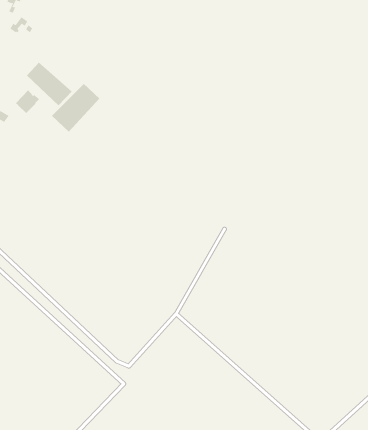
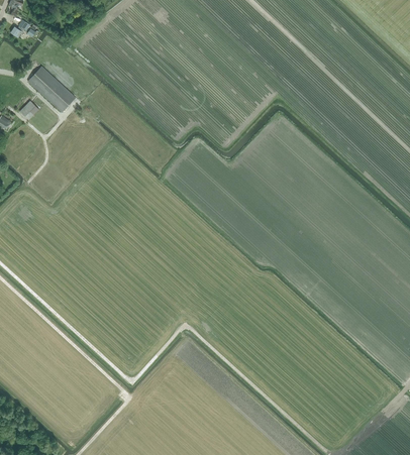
building: [51,83,100,132] -> none

